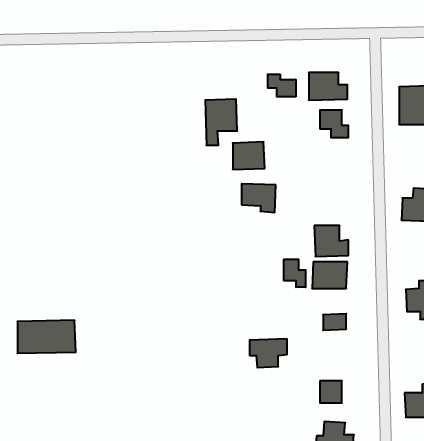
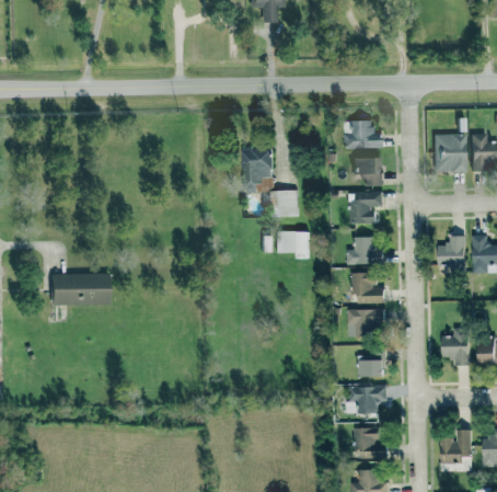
building: [268,74,296,97] -> none
building: none -> [356,192,384,222]
building: none -> [348,237,383,264]
building: [284,259,306,287] -> none
building: [17,320,76,353] -> [50,273,108,306]
building: [250,339,287,368] -> [350,386,388,414]

